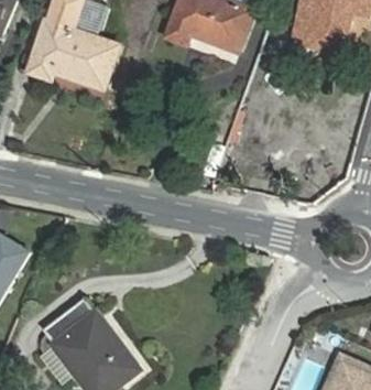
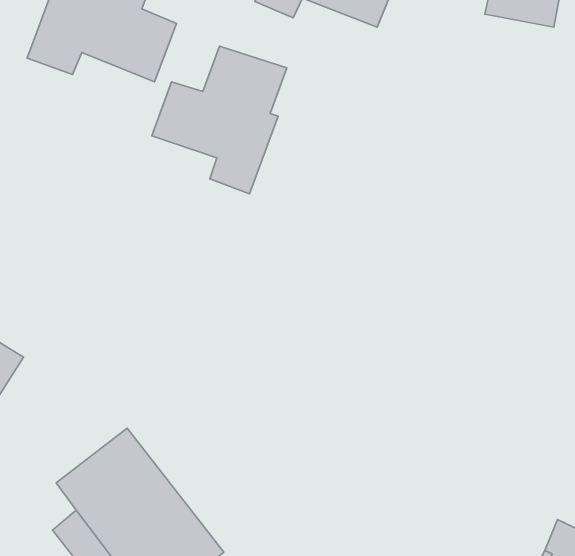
building: none -> [152,46,287,194]

